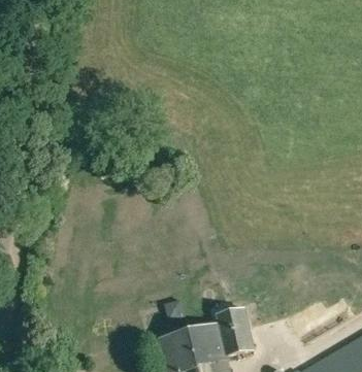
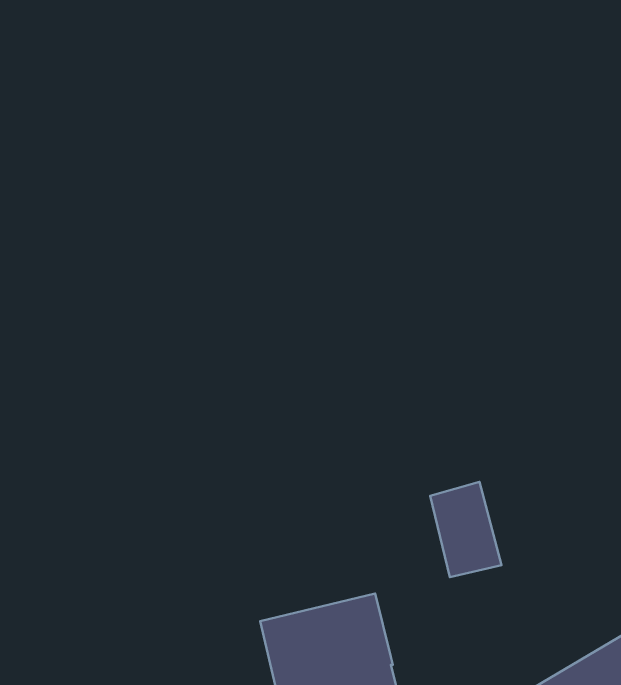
building: [218,305,255,354] -> [430,482,501,577]

